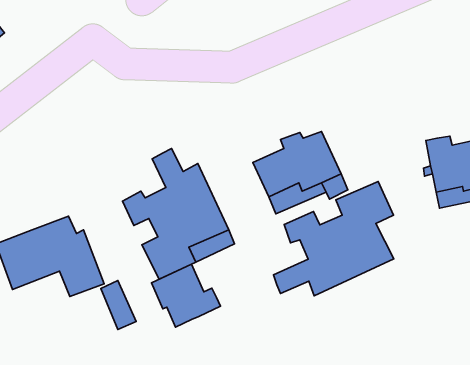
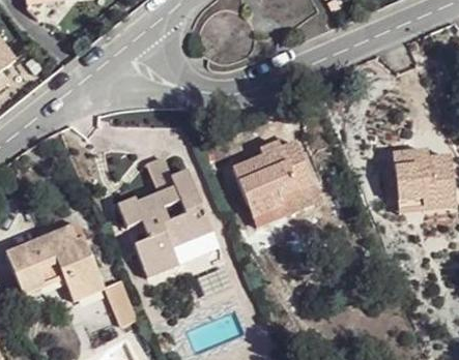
building: [273,182,394,296] -> none
building: [152,264,220,327] -> none

